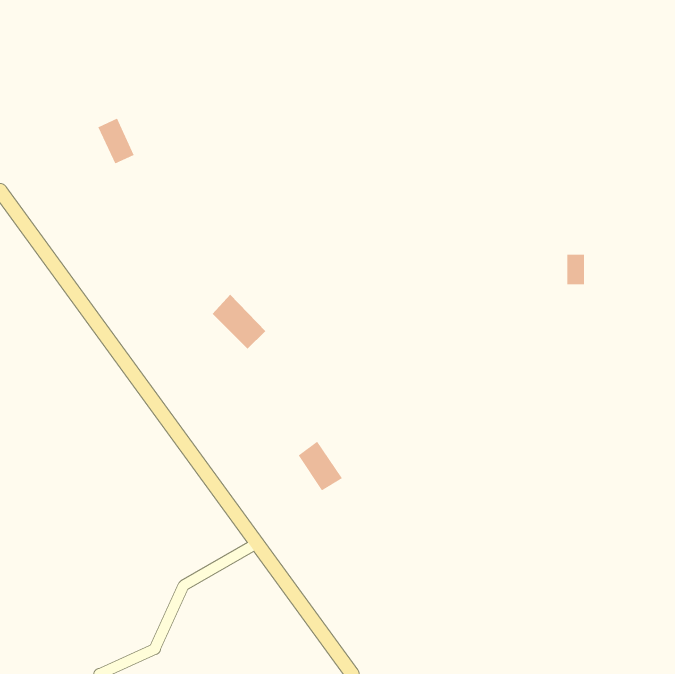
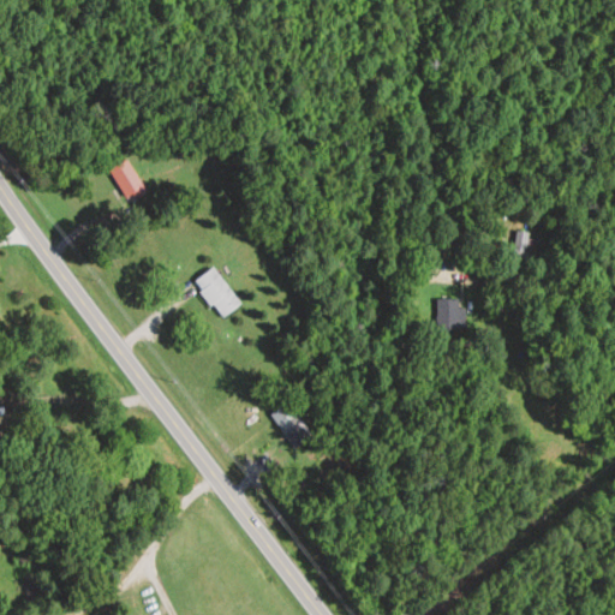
building: [98,118,135,164] -> [112,159,145,201]
building: none -> [437,298,467,328]

